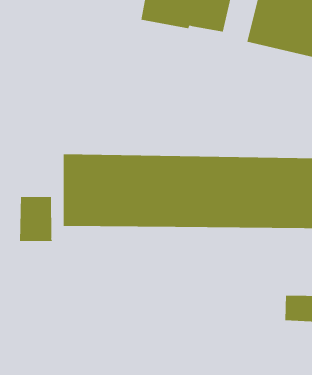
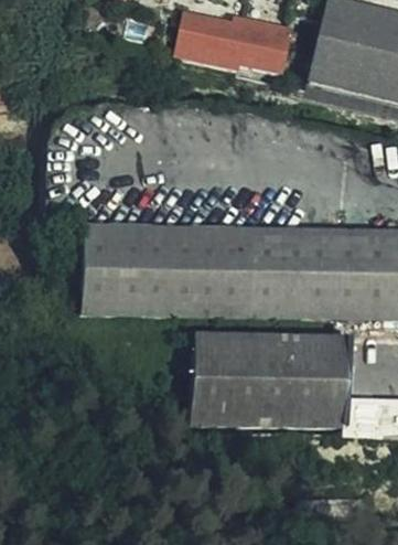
building: [20,196,53,242] -> none
building: none -> [192,332,349,423]

